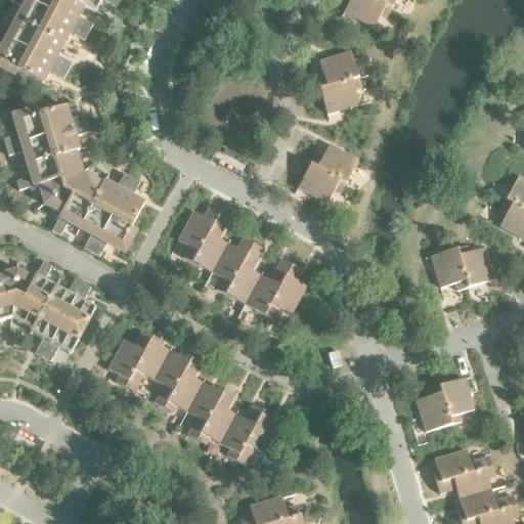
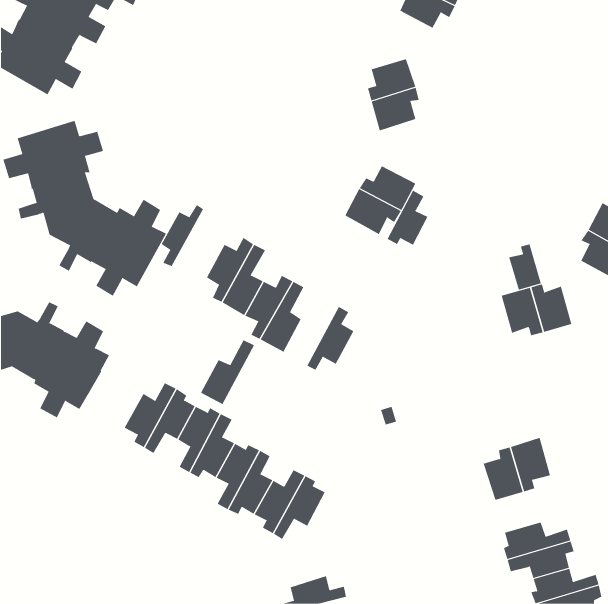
building: none -> [387,190,428,246]
building: none -> [161,204,204,267]
building: none -> [508,244,541,290]
building: [245,257,292,313] -> [200,339,255,405]

